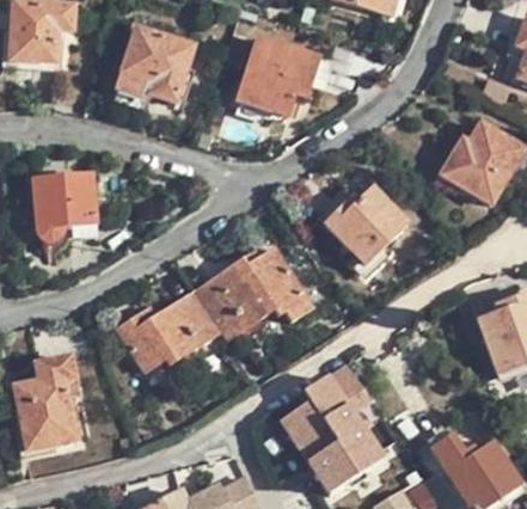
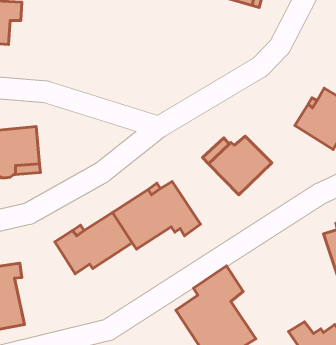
building: [115,25,195,103] -> none
building: [240,32,325,114] -> none

